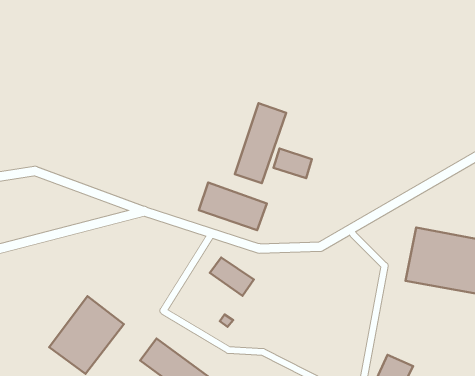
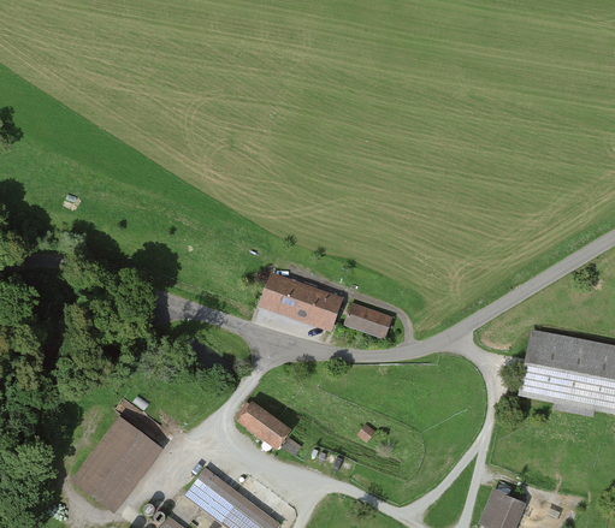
building: [235,103,286,183] -> none
building: [274,149,312,178] -> [344,304,392,342]
building: [210,258,254,296] -> [237,402,292,450]

